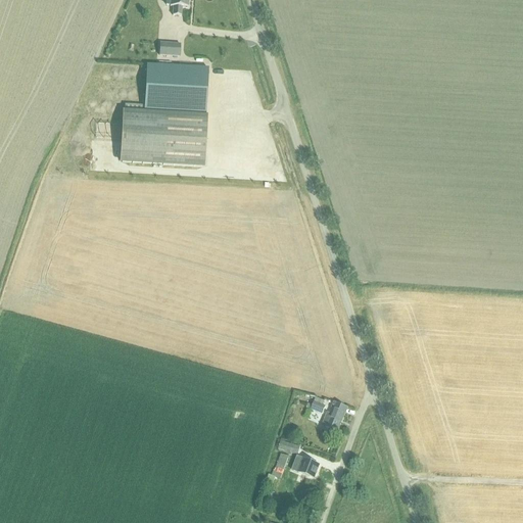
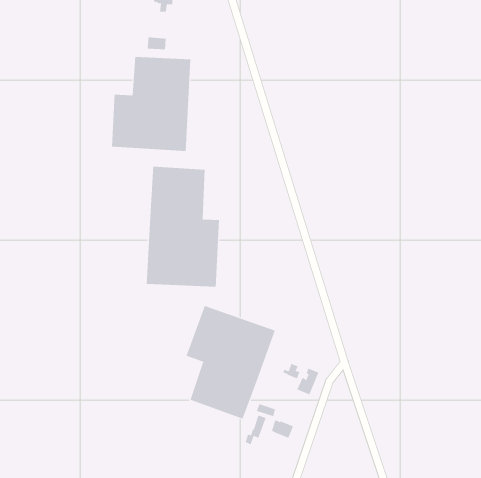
building: none -> [146,166,220,287]
building: none -> [186,305,276,420]

